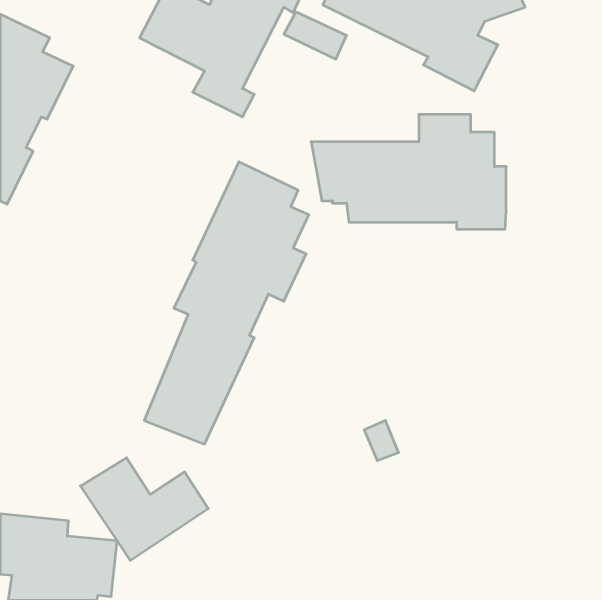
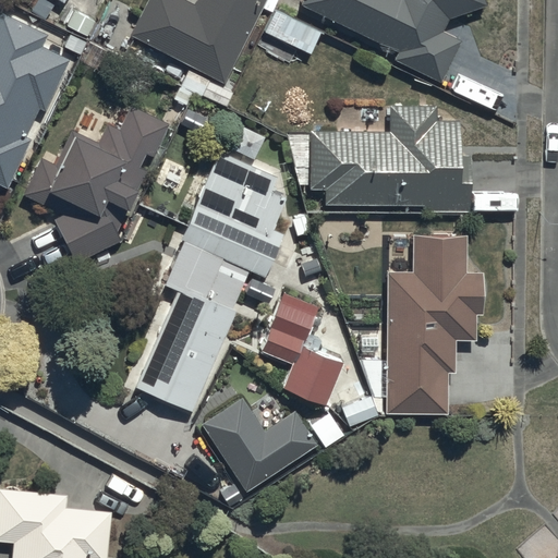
building: none -> [26,107,168,264]
building: none -> [385,239,482,413]
building: none -> [258,291,341,405]
building: [80,458,208,560] -> [199,398,317,493]

